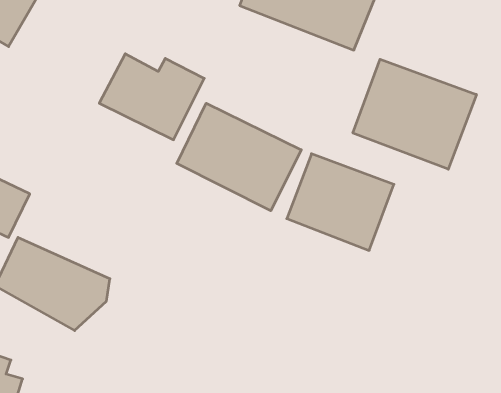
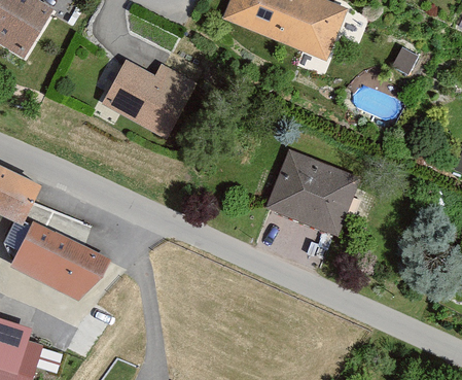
building: [353,59,476,169] -> none
building: [177,103,301,211] -> none

